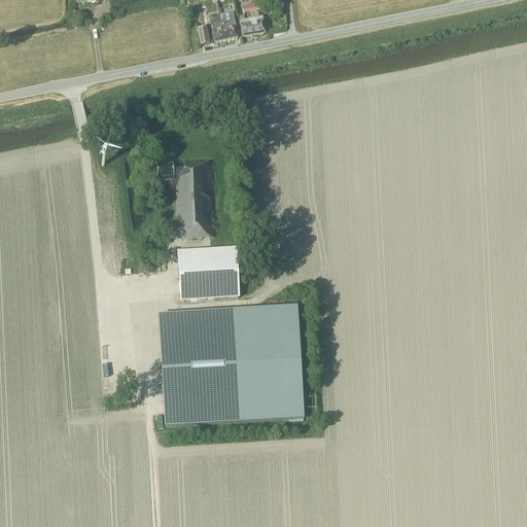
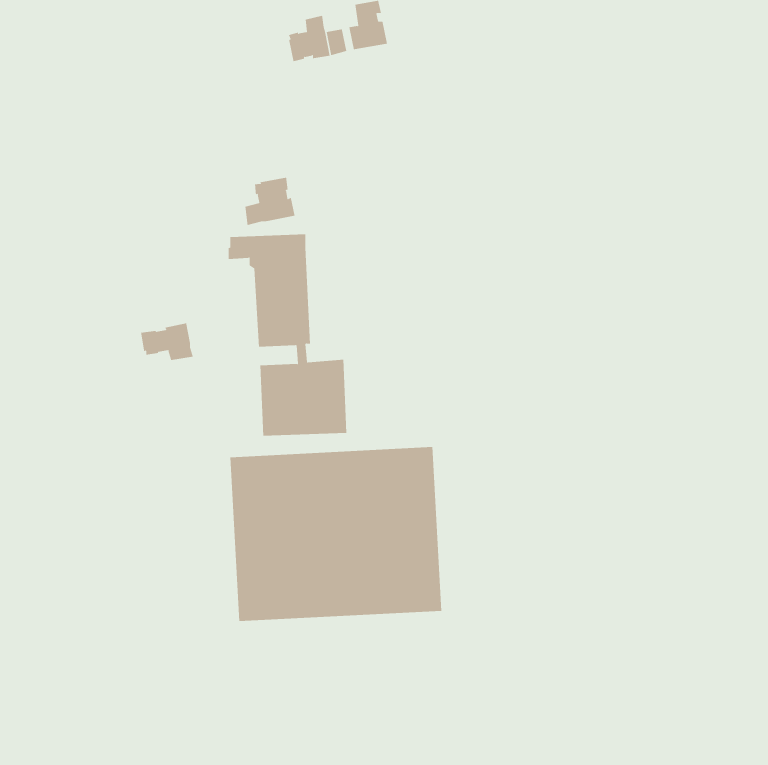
building: none -> [245,177,295,226]
building: none -> [141,322,193,361]

